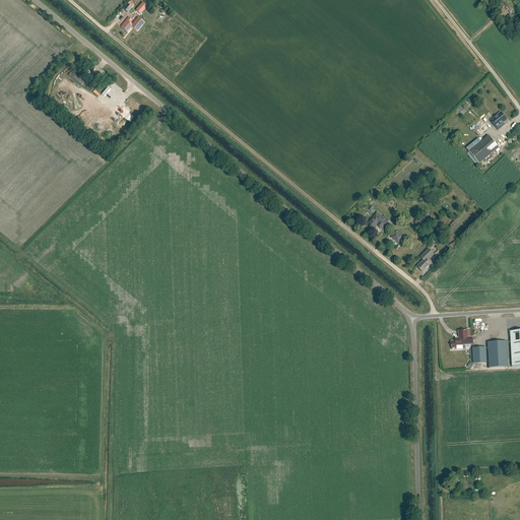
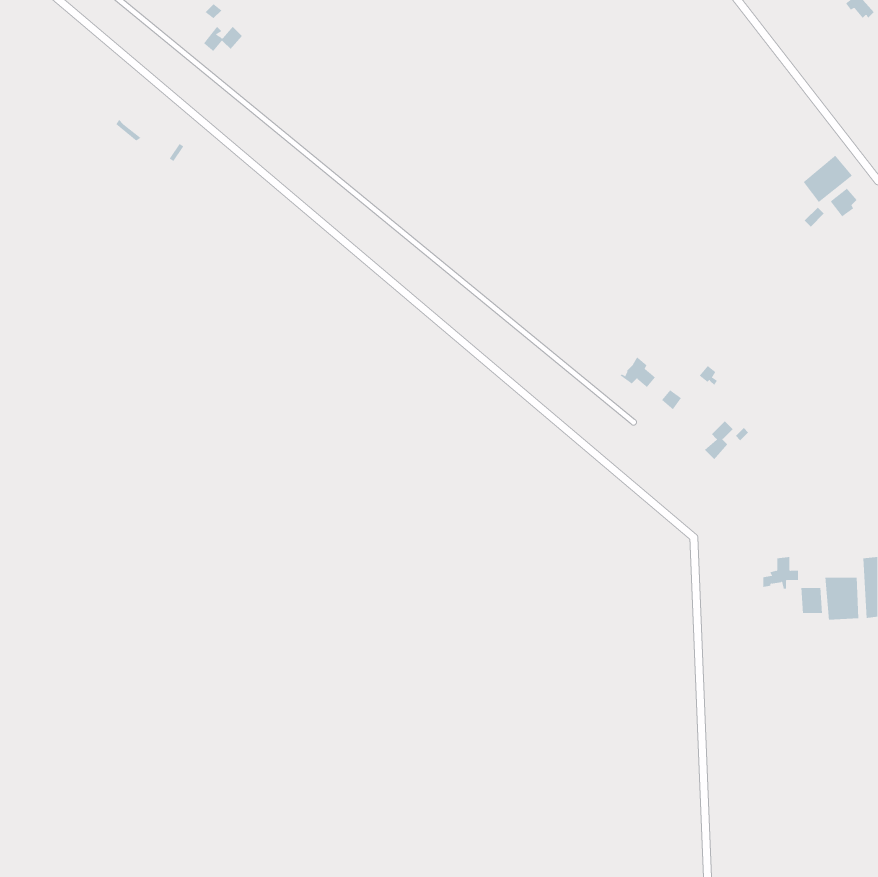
building: [468,134,498,162] -> [803,155,853,203]

